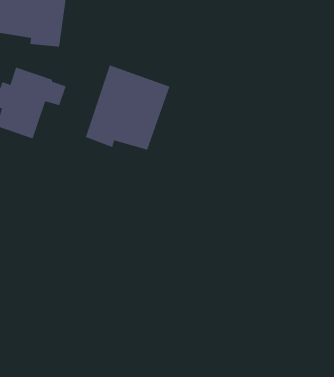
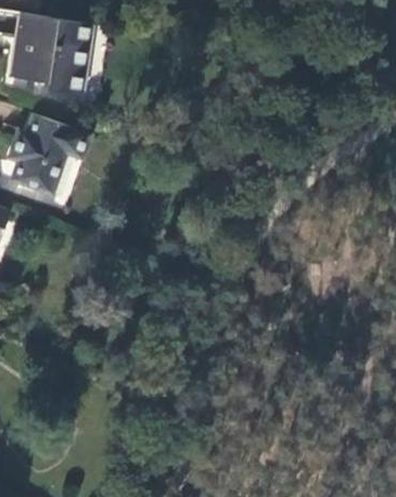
building: [85,65,170,151] -> none

